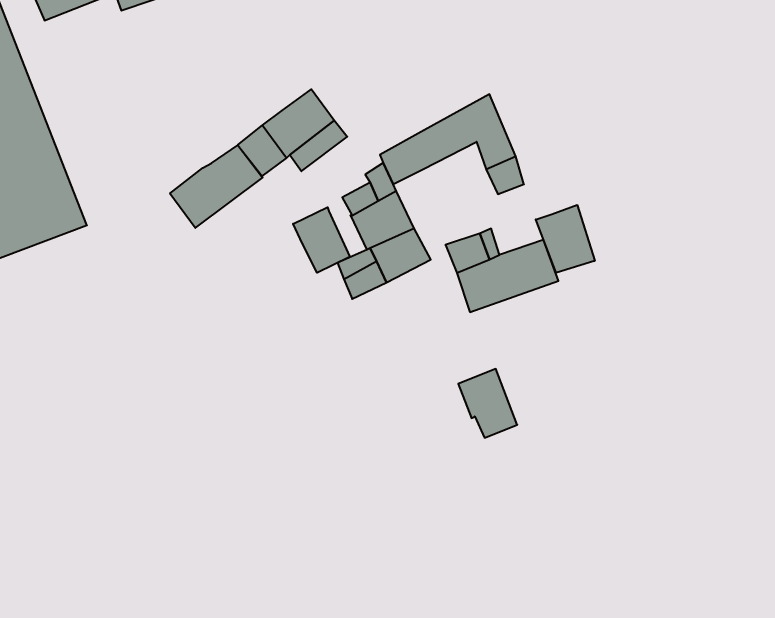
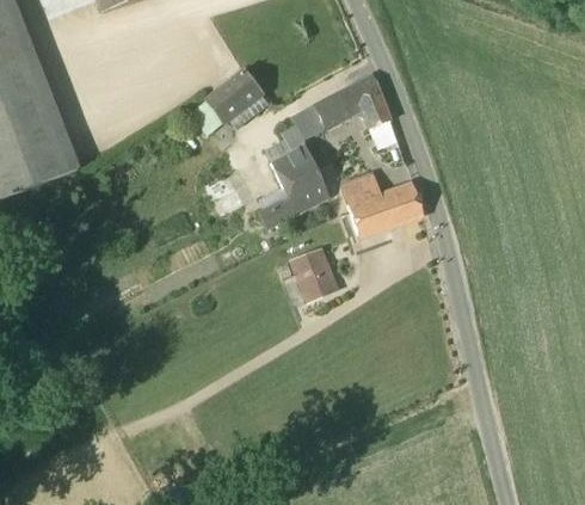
building: [170,145,263,228] -> none
building: [536,205,595,273] -> none
building: [293,207,350,273] -> none
building: [458,369,517,438] -> [292,248,335,298]

